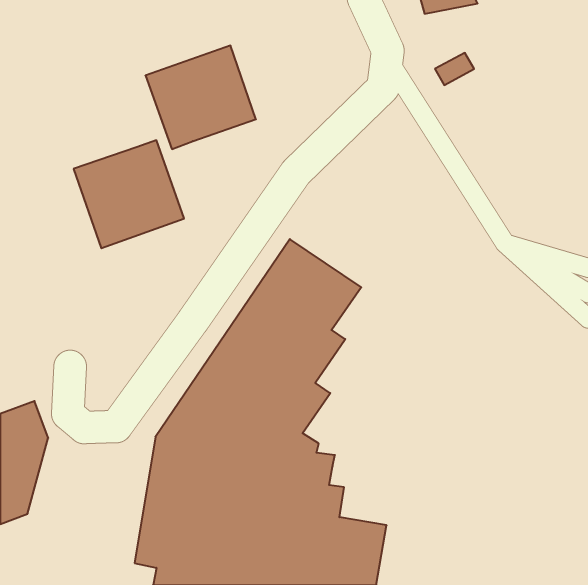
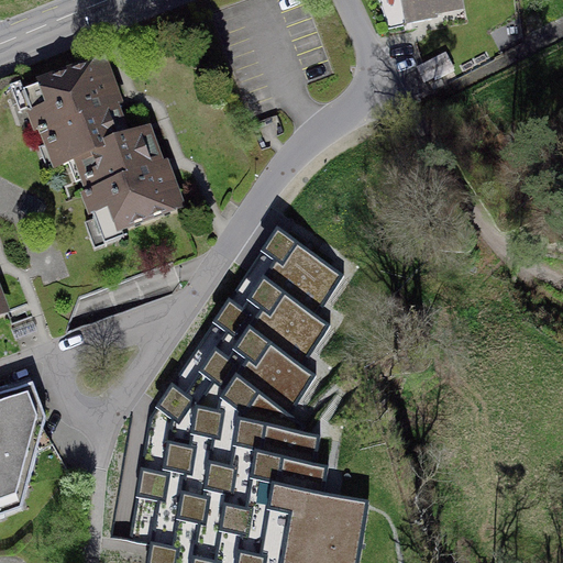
building: [145,46,256,149] -> [25,70,131,169]

